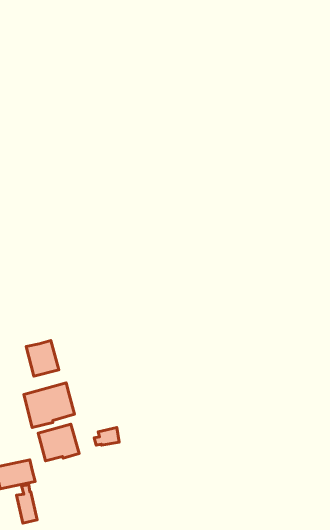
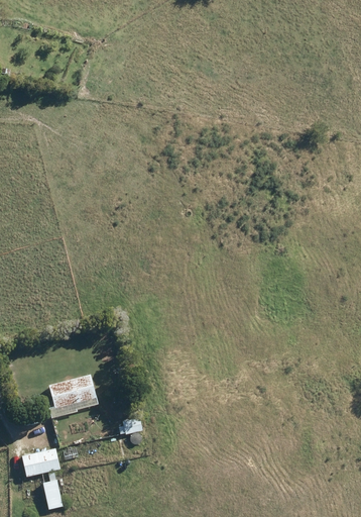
building: [26,341,59,376] -> none
building: [38,424,79,461] -> none

